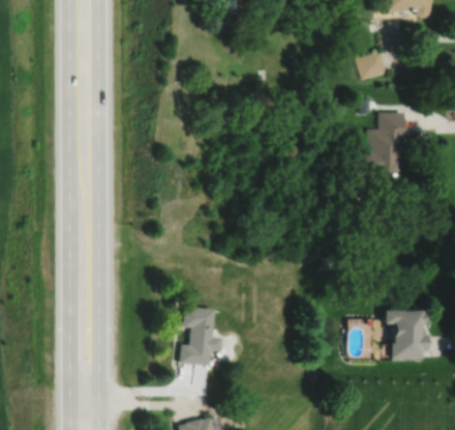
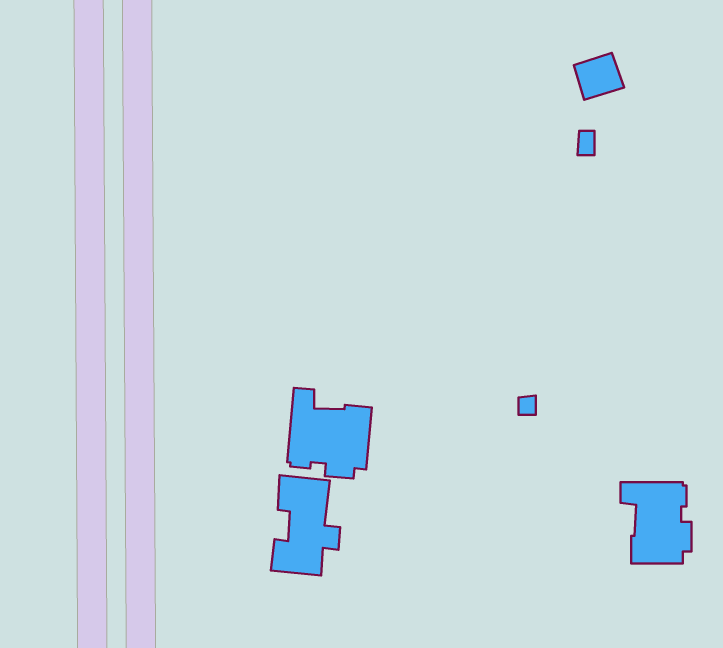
building: [359,113,406,181] -> none
building: none -> [287,388,372,479]

